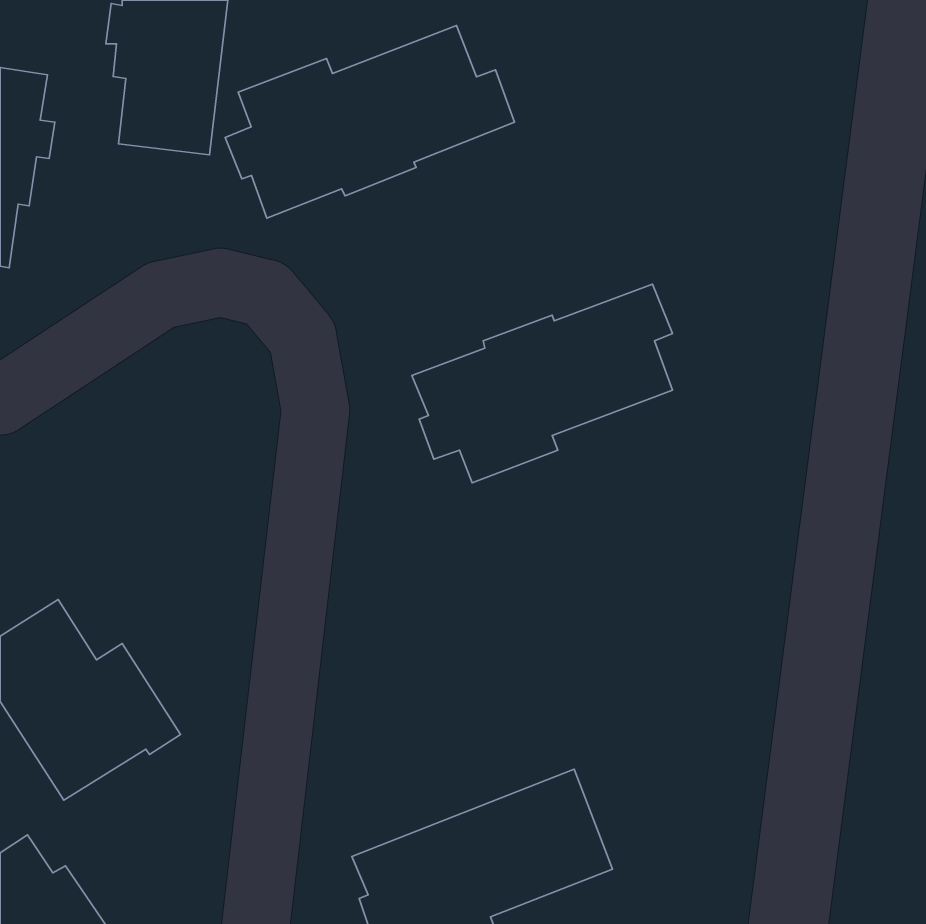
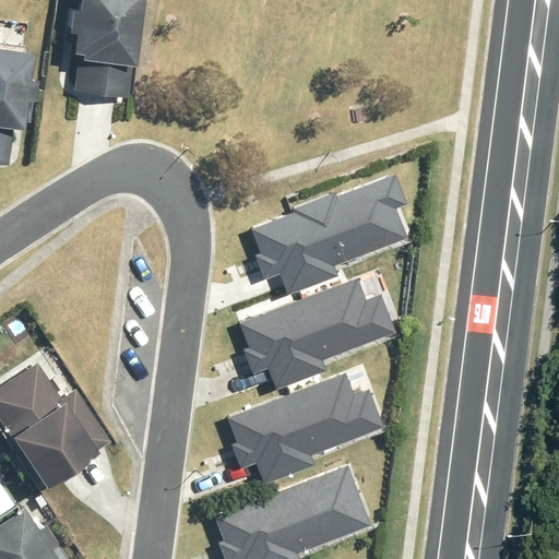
building: [225,26,514,218] -> none
building: none -> [238,278,394,389]
building: none -> [227,373,383,484]

